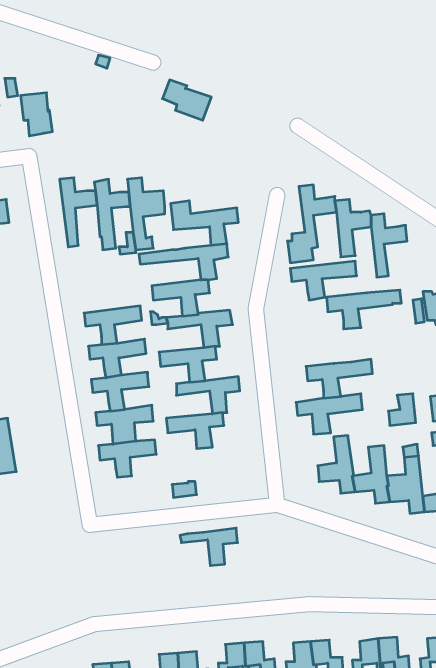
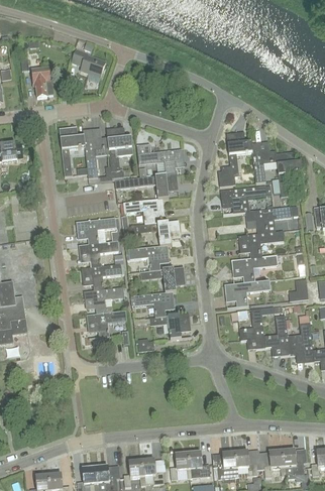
building: [162,80,211,120] -> [72,48,106,77]
building: none -> [238,230,285,257]
building: [180,528,238,566] -> [149,313,190,339]

